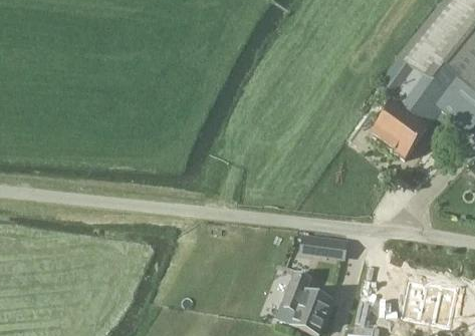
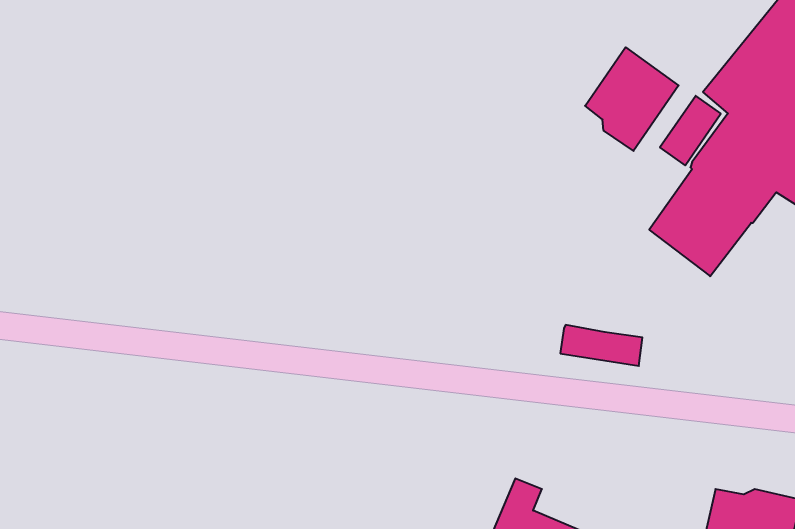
building: none -> [585,47,679,151]
building: [302,234,348,257] -> [560,325,642,366]

